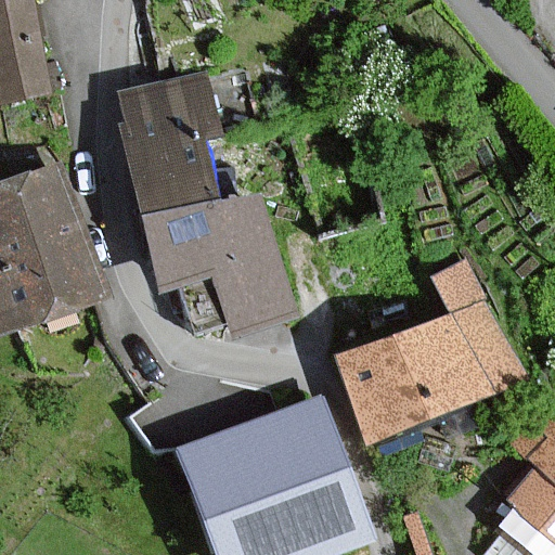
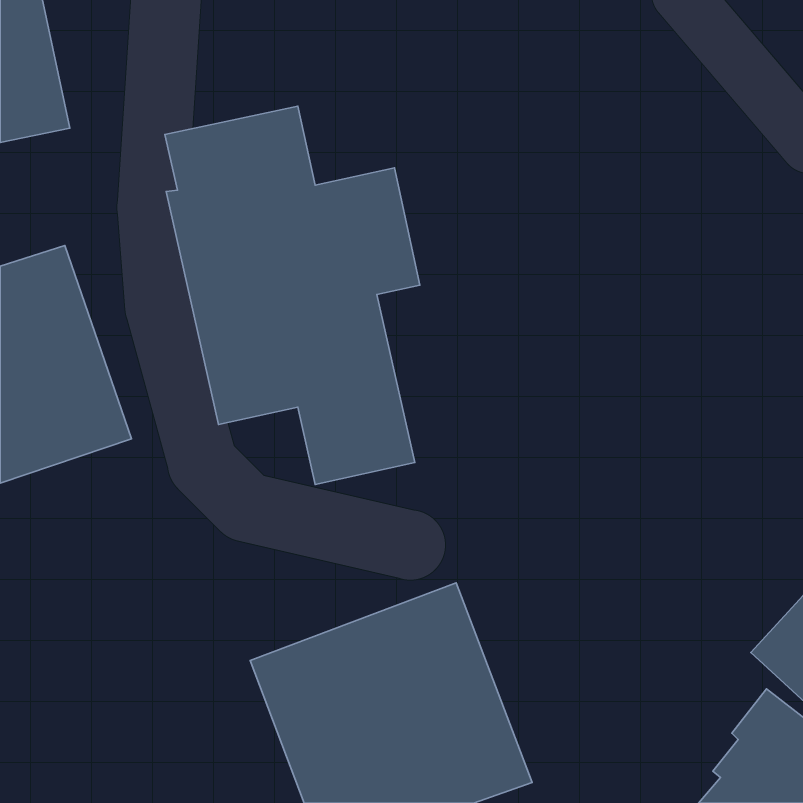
building: [335,258,520,440] -> none

